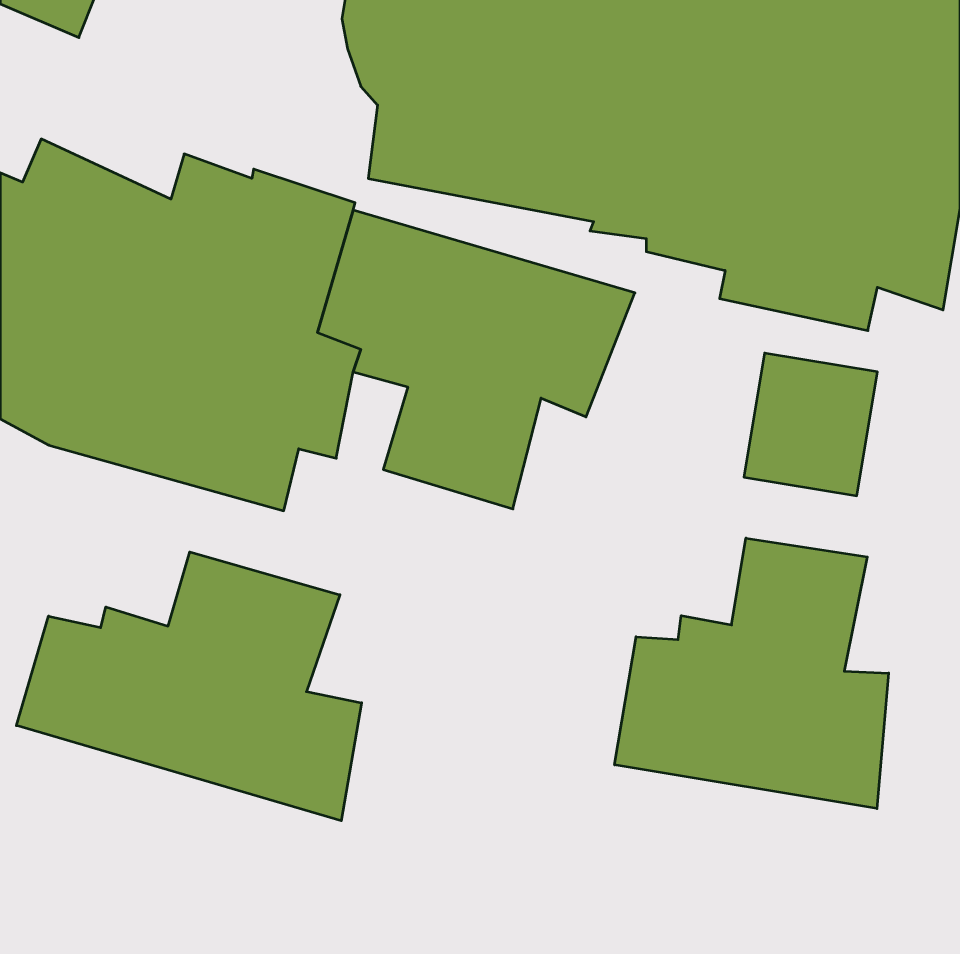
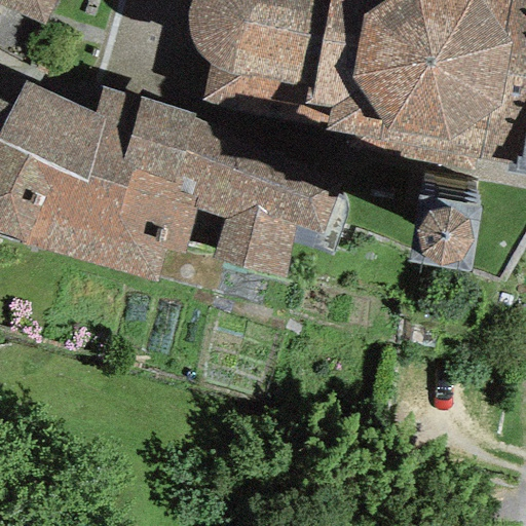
building: [615,538,889,809] -> none
building: [16,552,362,821] -> none

